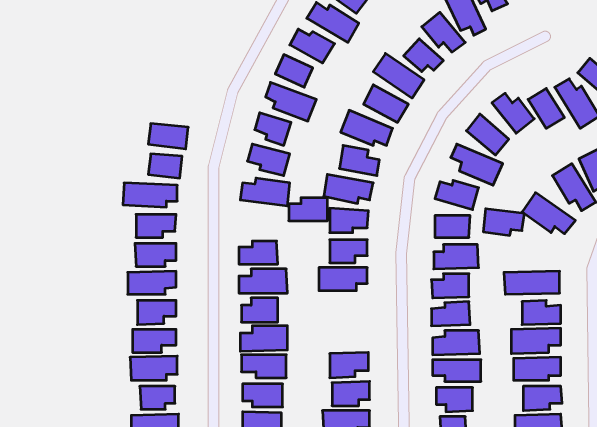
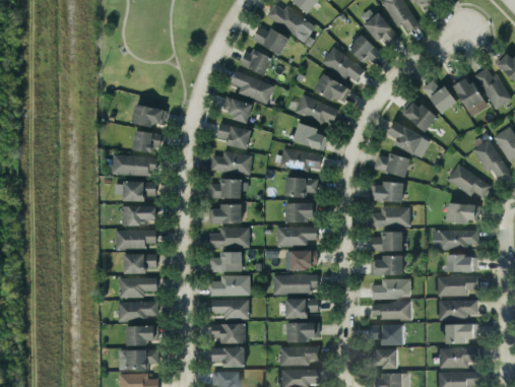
building: [289,198,327,221] -> [209,178,242,197]
building: [483,209,524,235] -> [446,201,480,223]
building: none -> [285,250,317,268]
building: none -> [273,273,318,293]

